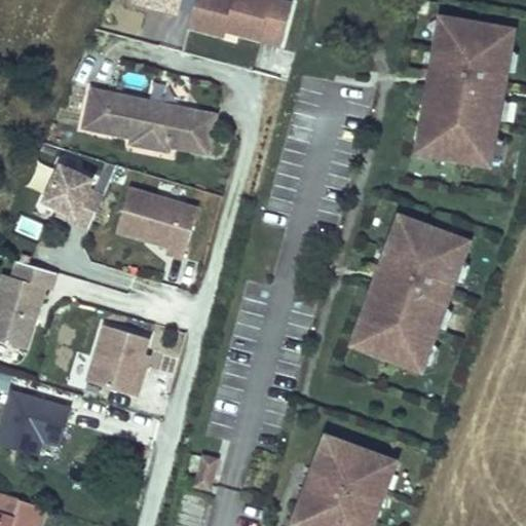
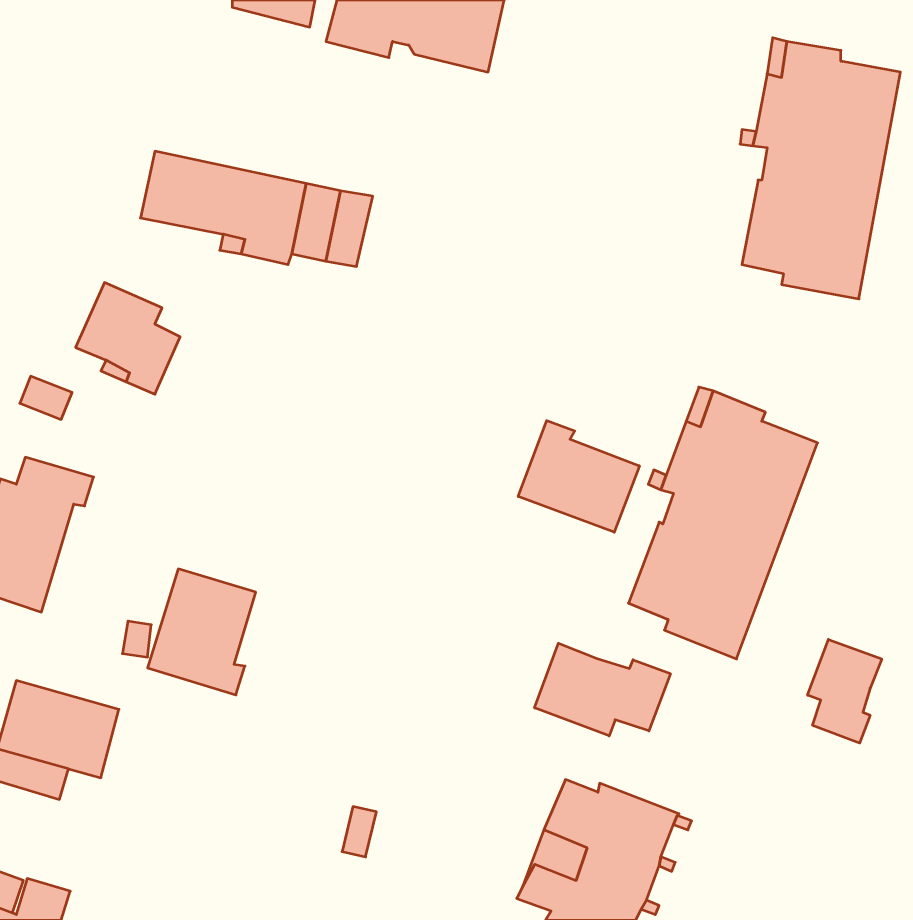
building: [112,188,194,258] -> none
building: none -> [518,421,639,532]
building: none -> [808,639,882,743]
building: none -> [535,643,670,736]

